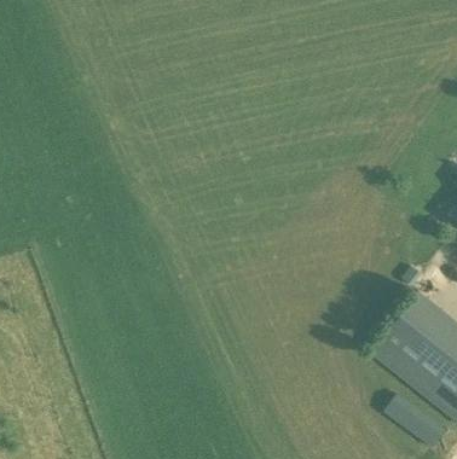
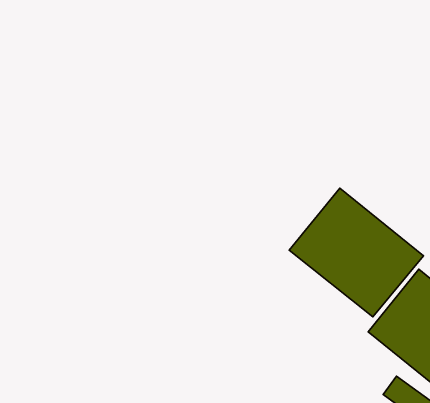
building: none -> [289,188,424,317]

